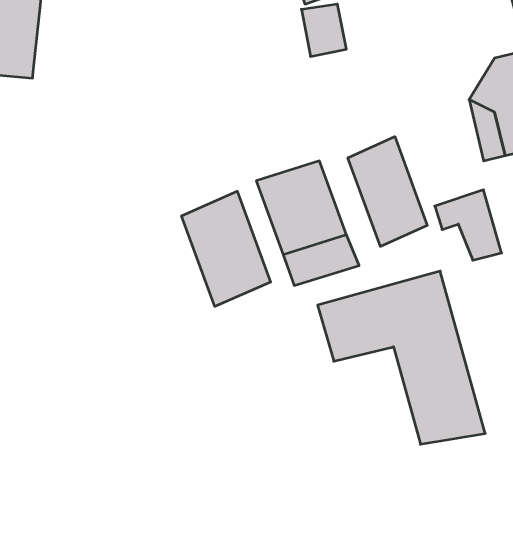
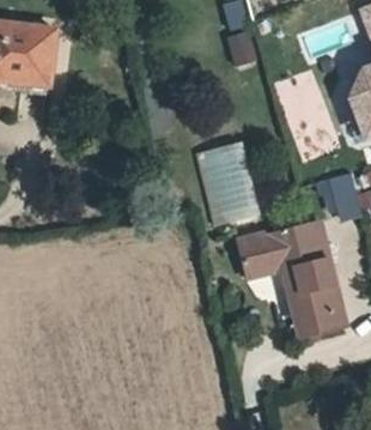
building: [348,137,427,246] -> none
building: [182,191,271,306] -> none

